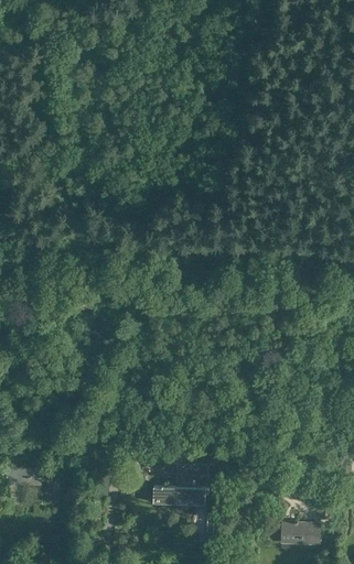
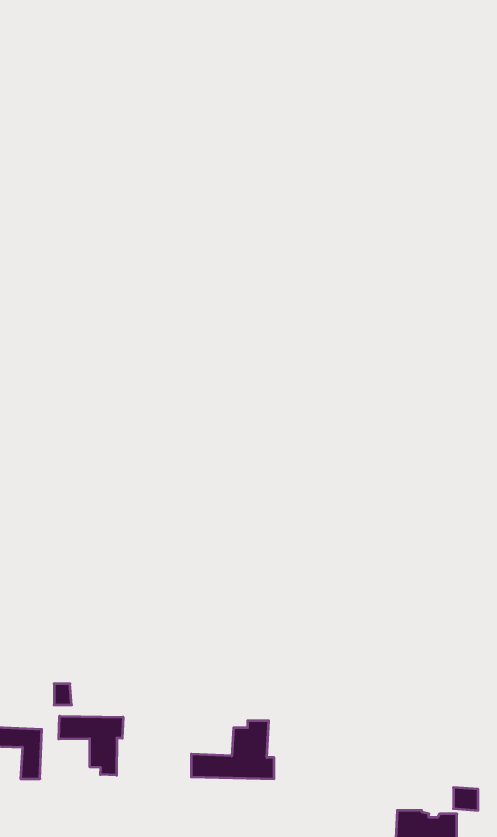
building: none -> [59,716,123,775]

